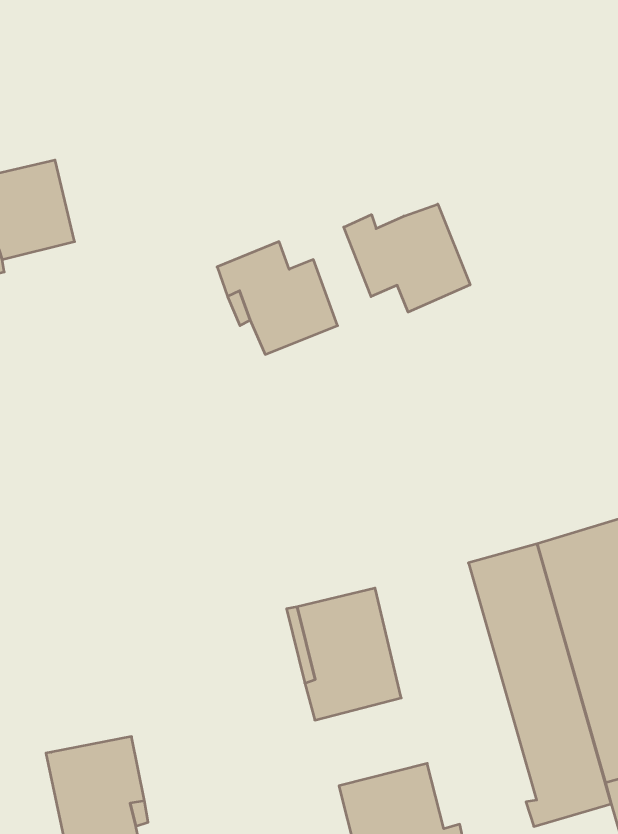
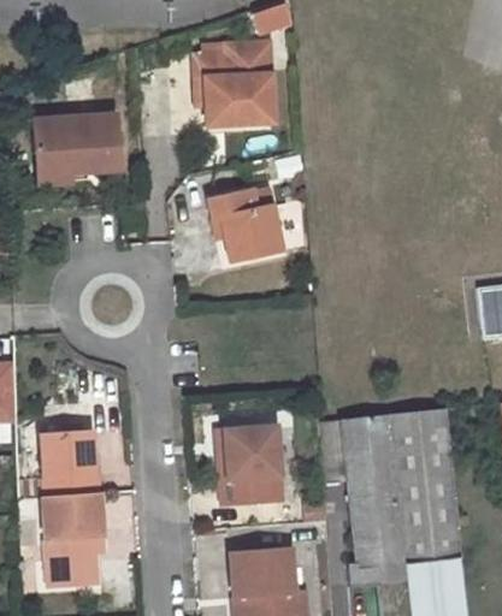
building: none -> [194,42,273,125]
building: [344,204,470,312] -> none
building: none -> [46,434,101,497]

